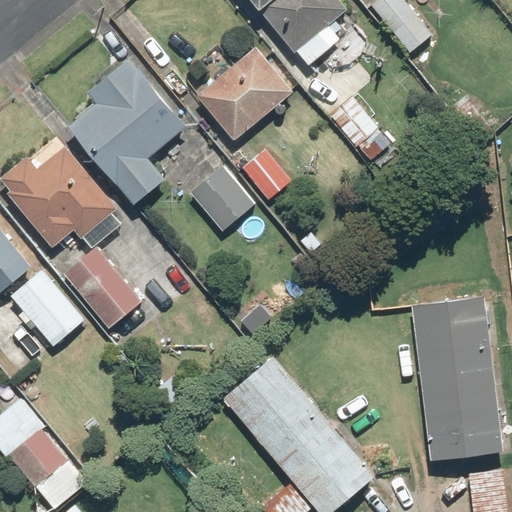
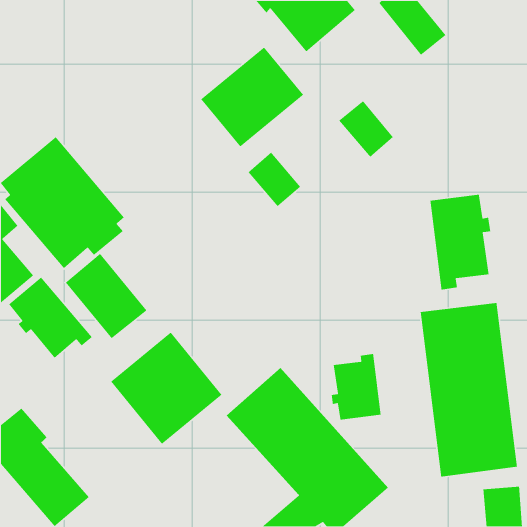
building: [64,55,187,207] -> none
building: [188,163,256,233] -> none
building: none -> [430,194,491,290]
building: none -> [110,332,223,445]
building: none -> [331,353,382,420]

